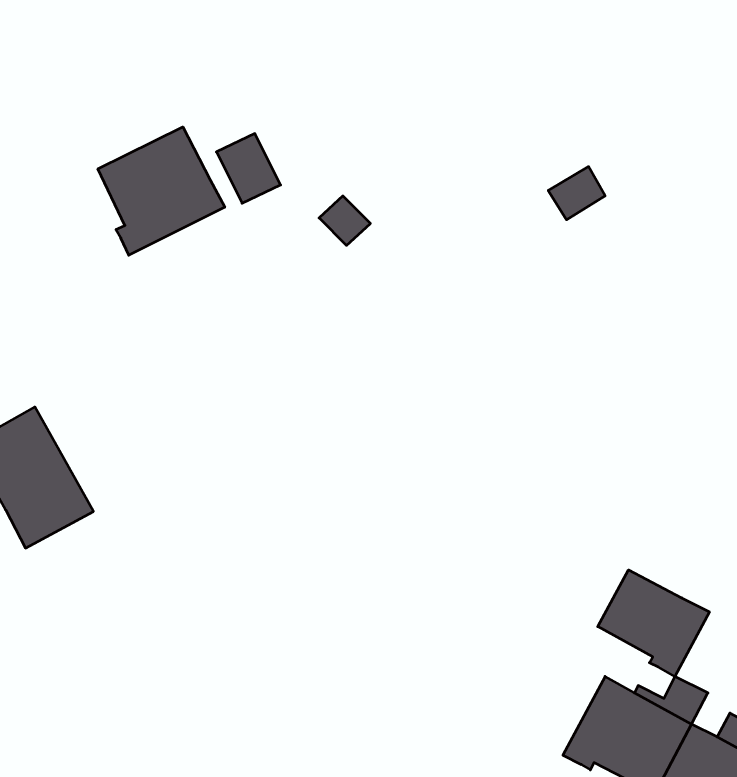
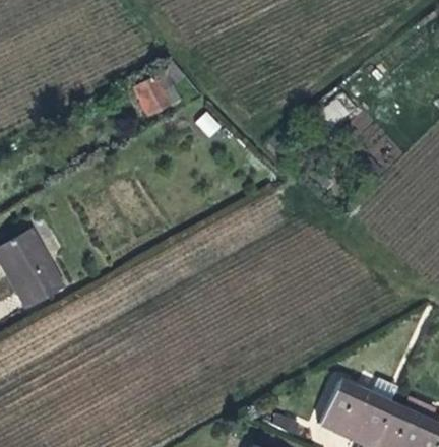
building: [98,127,225,255] -> none
building: [598,570,709,676] -> none

